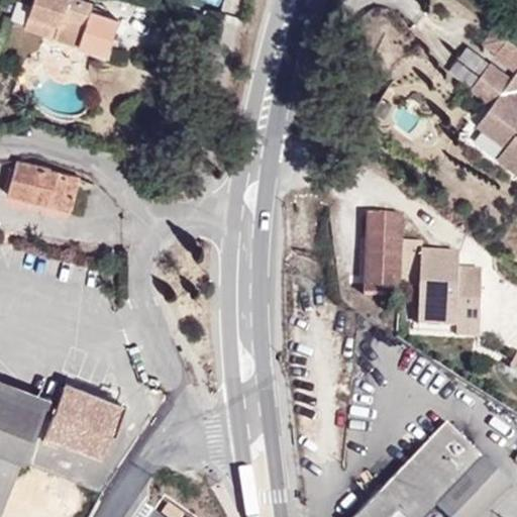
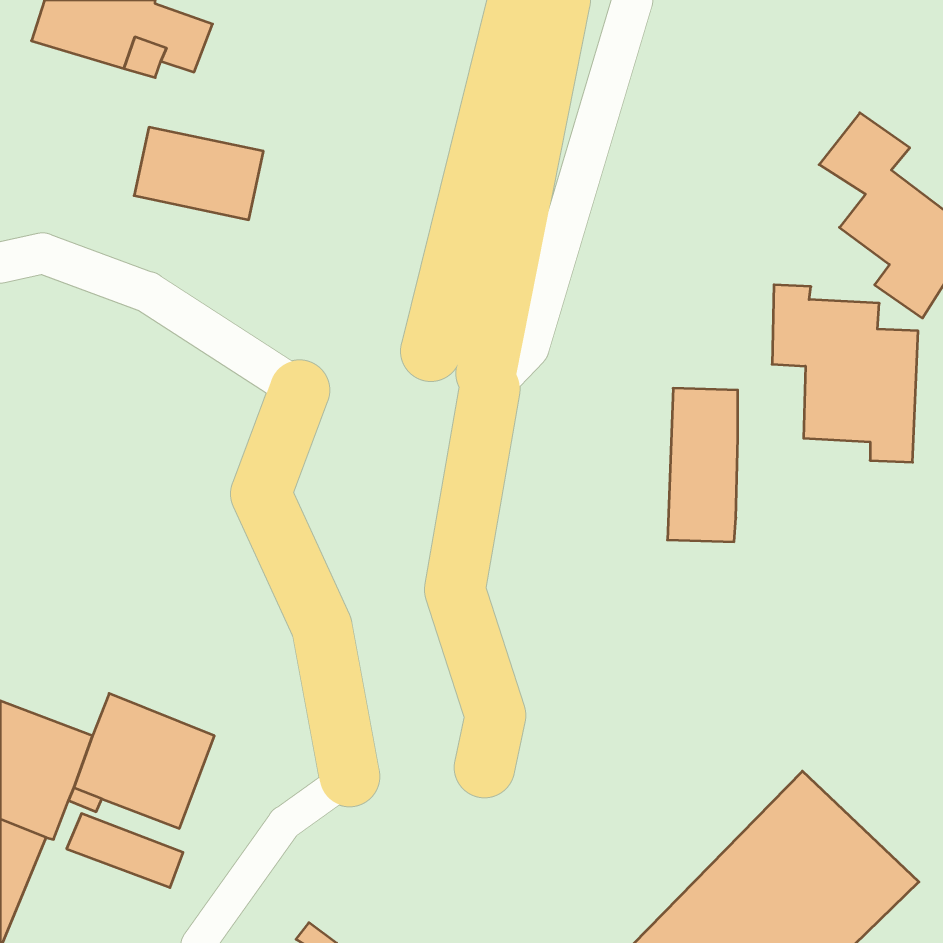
building: [9,162,80,212] -> [134,127,263,220]
building: [403,240,483,337] -> [772,285,918,462]

